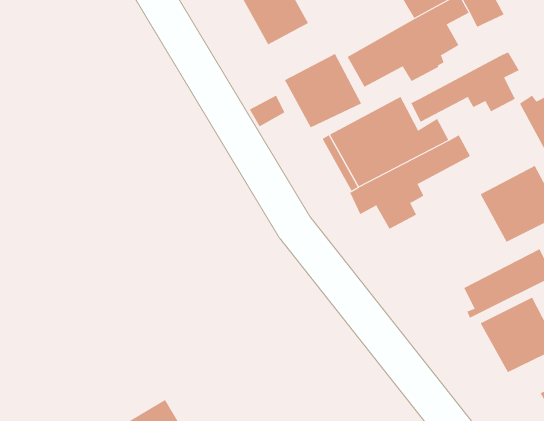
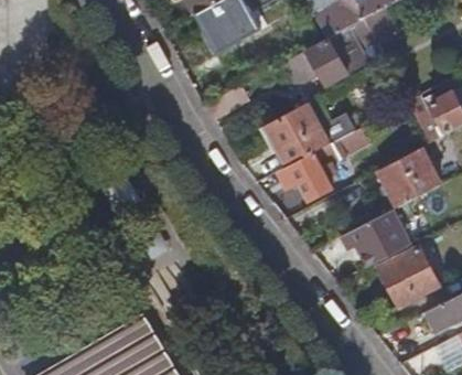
building: [411,52,519,122] -> none
building: [284,53,362,128] -> none

